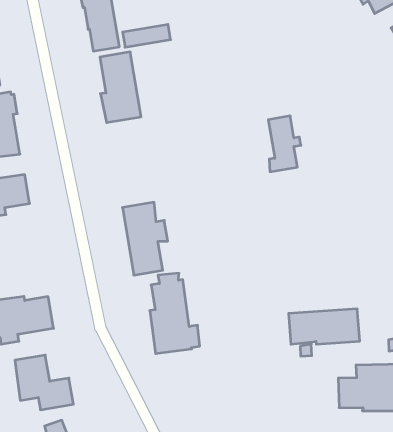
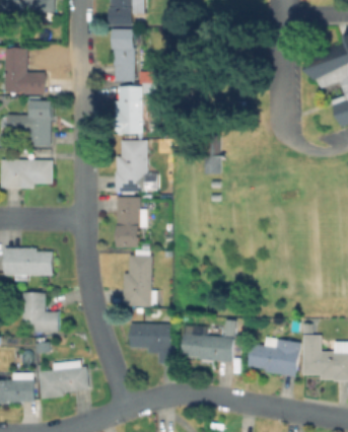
building: [268,116,301,172] -> [199,136,224,173]
building: none -> [116,140,146,192]
building: [289,309,360,344] -> [181,334,232,362]
building: none -> [130,323,175,353]

